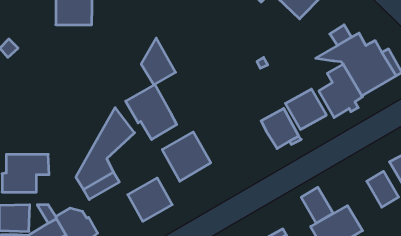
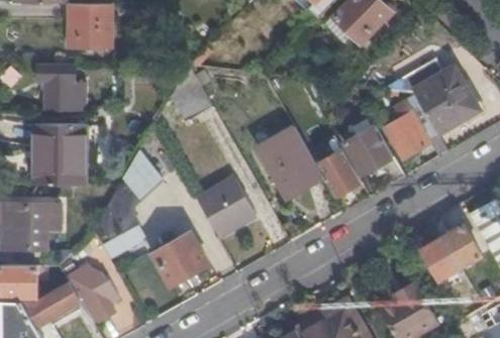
building: none -> [38,65,86,112]
building: [126,84,177,140] -> [260,128,321,195]
building: none -> [32,124,84,186]
building: [301,187,333,223] -> [422,237,461,280]

